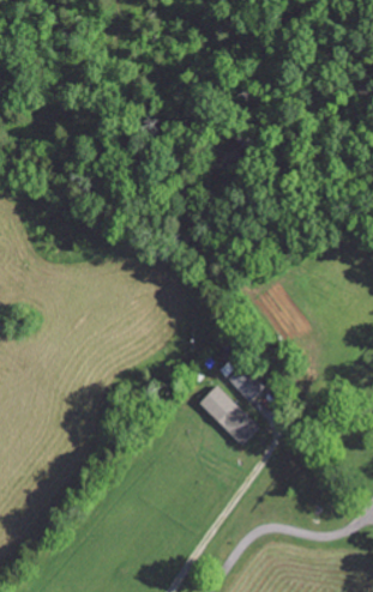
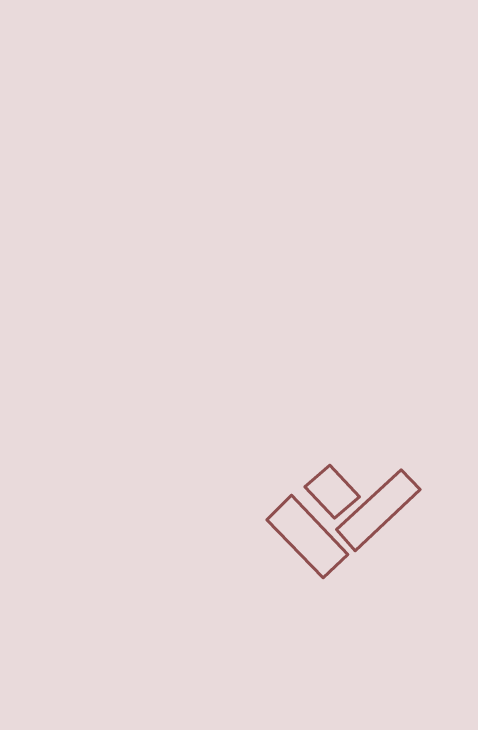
building: none -> [337,470,420,551]

